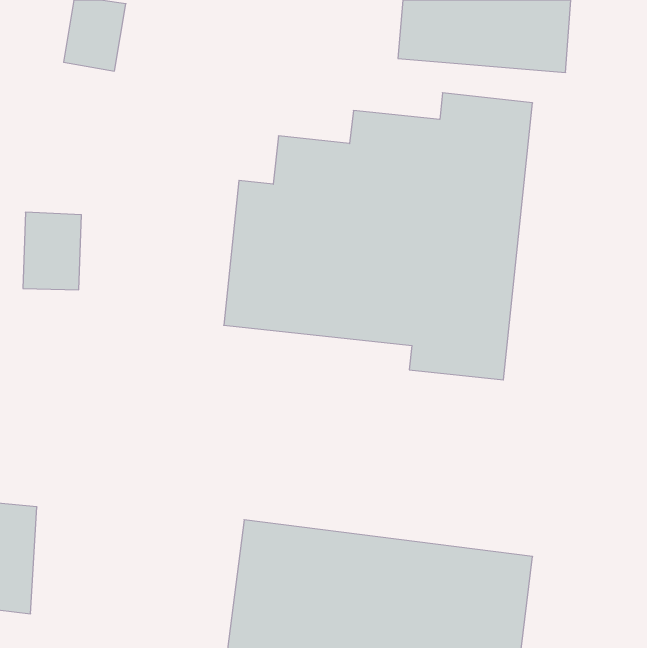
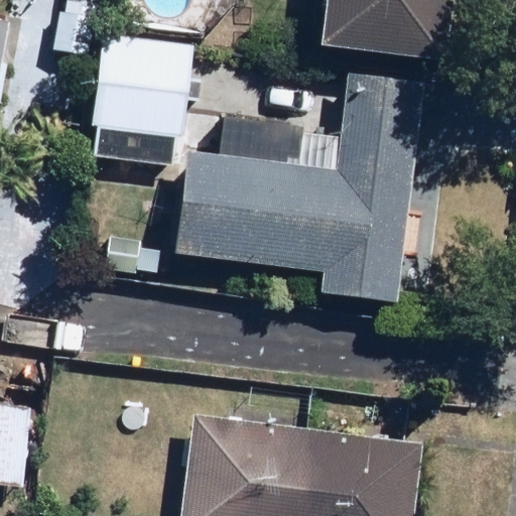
building: none -> [93,34,186,163]

